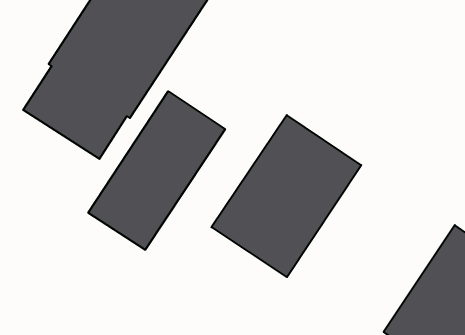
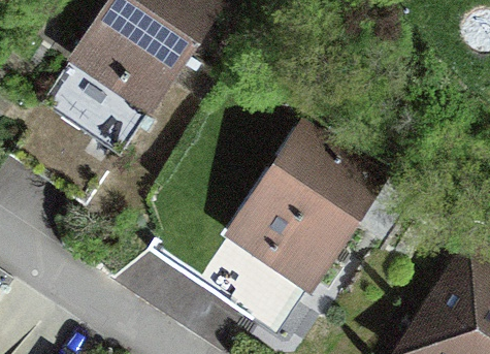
building: [88,91,225,250] -> none

